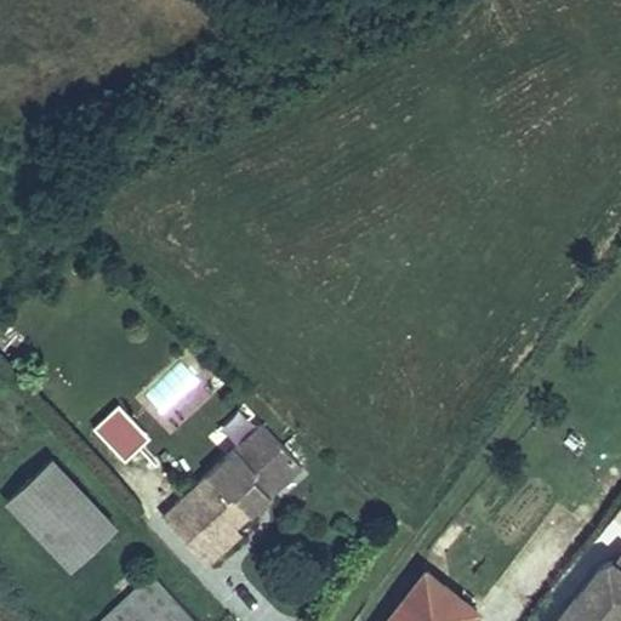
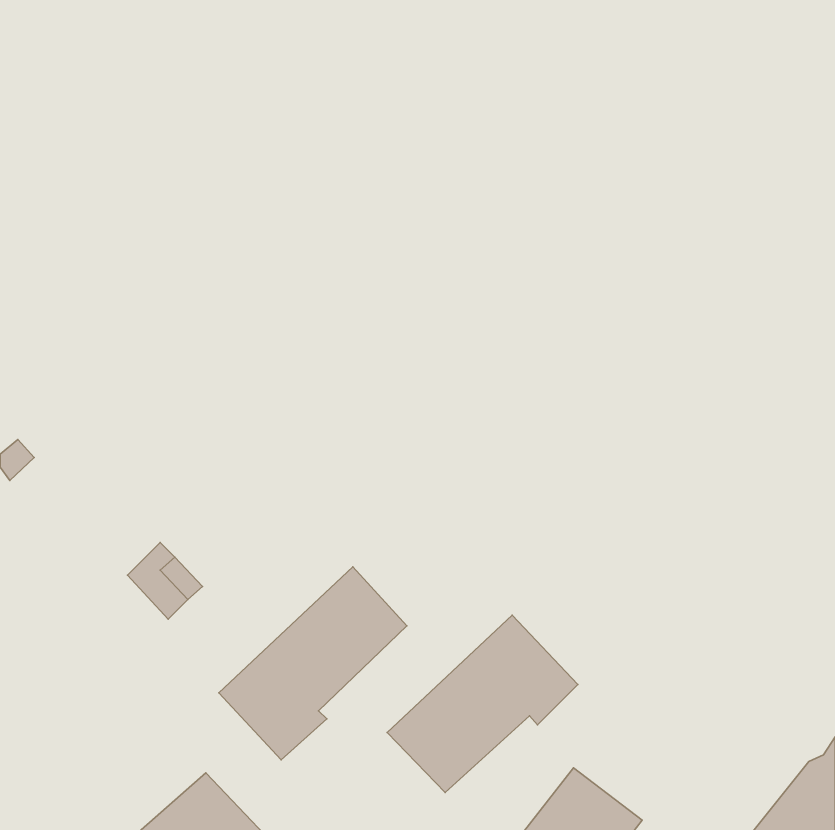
building: none -> [387,615,578,793]
building: [7,462,116,571] -> none

